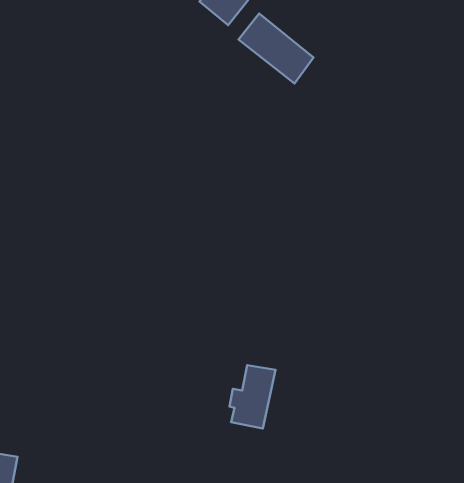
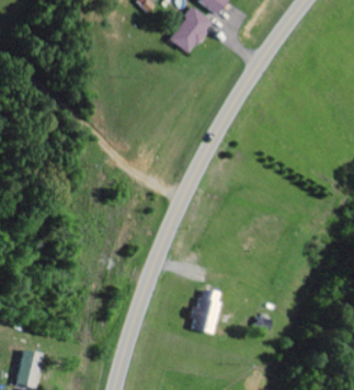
building: [239,13,314,84] -> none

